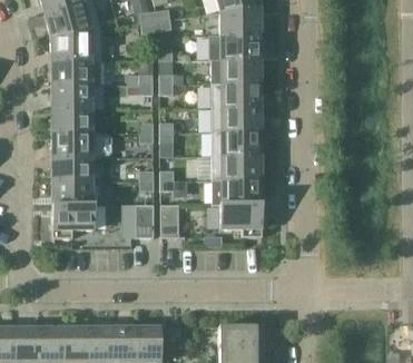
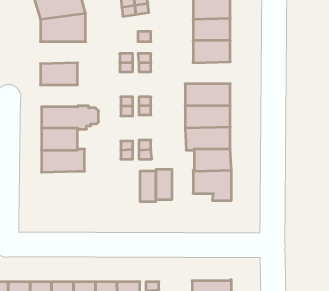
building: [50,59,100,84] -> none
building: [210,81,260,106] -> none
building: [50,107,91,131] -> none
building: [51,203,106,236] -> none
building: [135,203,153,236] -> [156,169,172,199]

